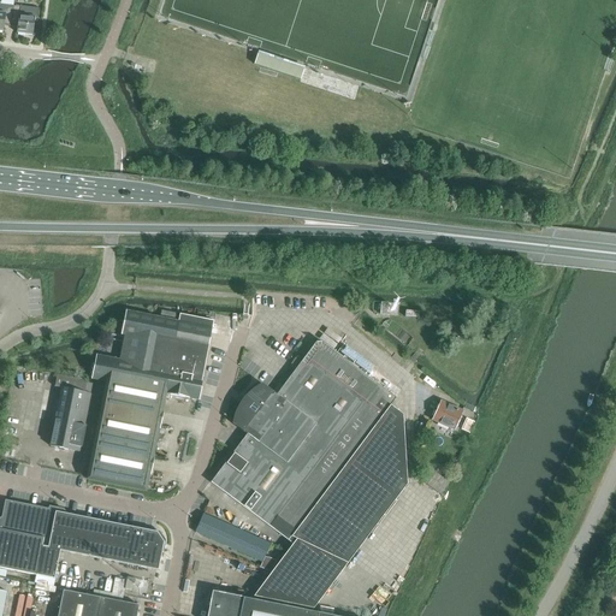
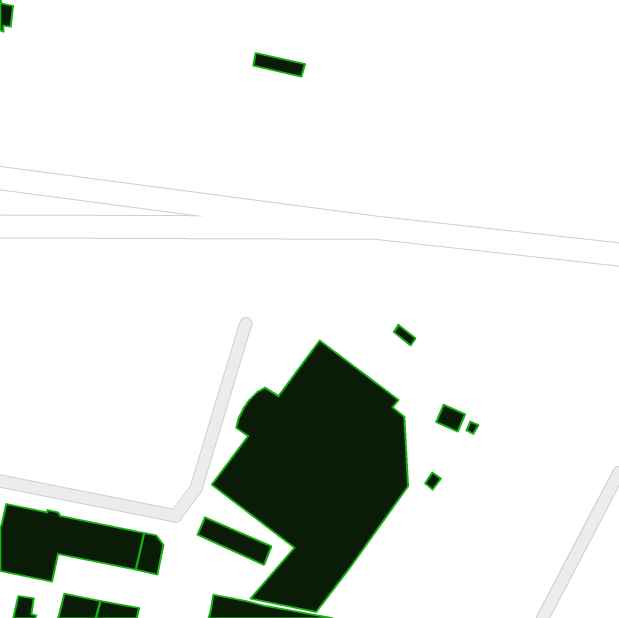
building: [11,6,37,35] -> none
building: [88,309,214,490] -> none
building: [51,374,91,451] -> none

